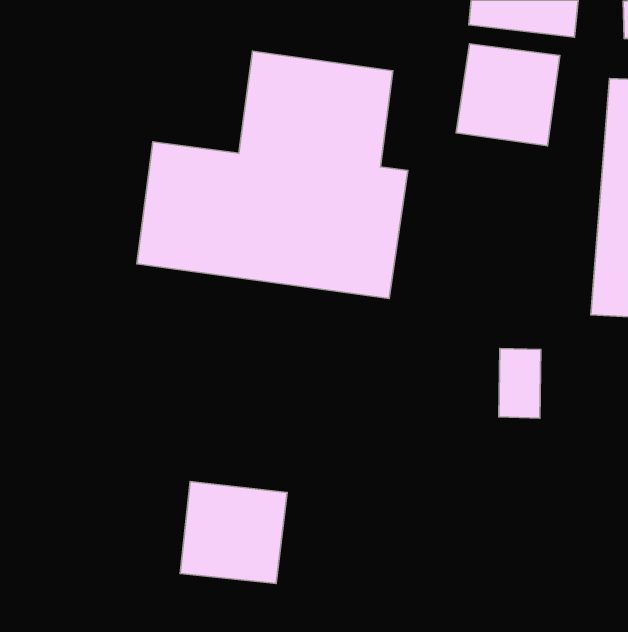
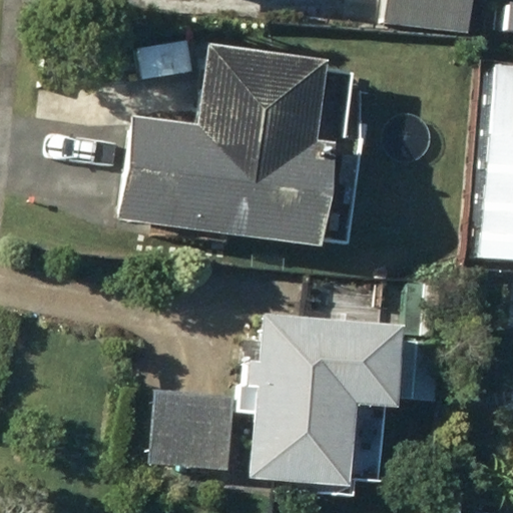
building: [456,44,560,146] -> none
building: none -> [244,314,399,481]

